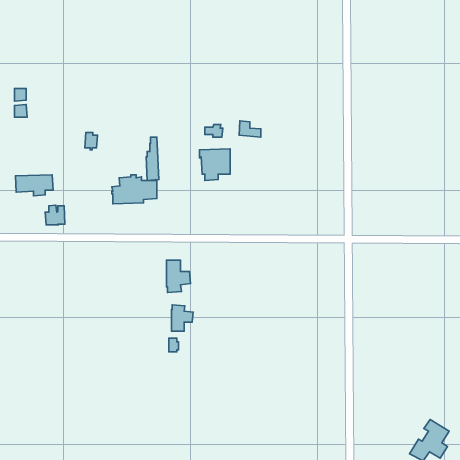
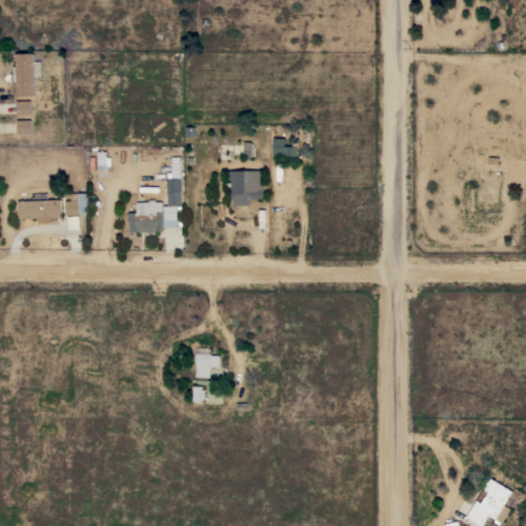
building: none -> [15,54,34,97]
building: [45,205,65,225] -> [65,193,87,216]
building: [166,260,191,292] -> none

